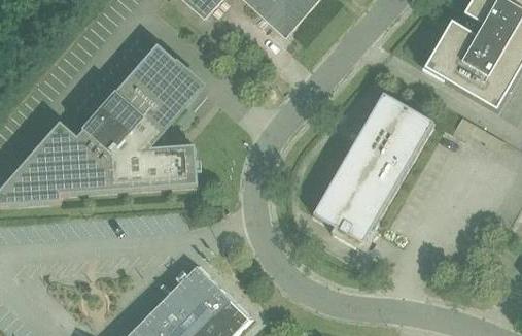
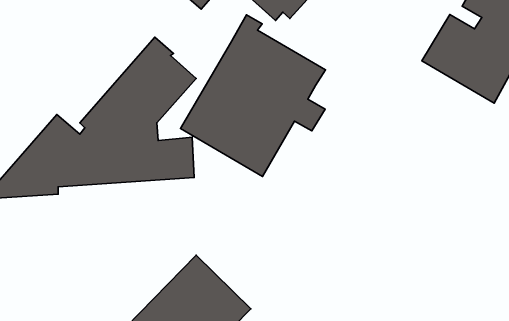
building: none -> [180,15,325,176]
building: [312,93,432,247] -> none

